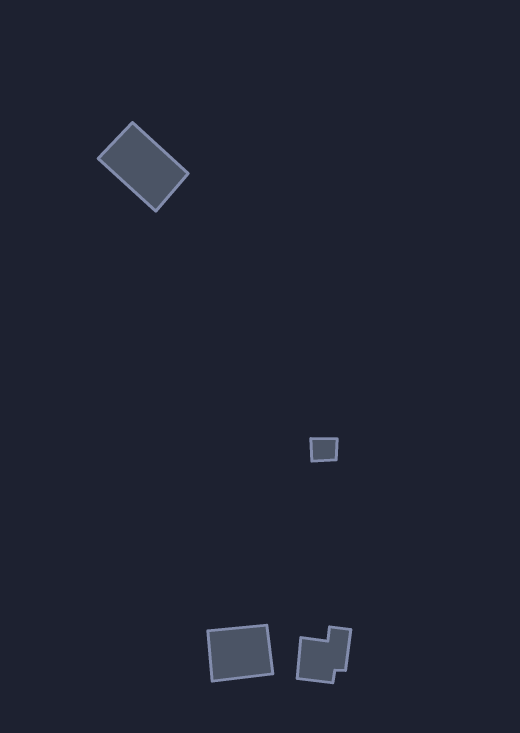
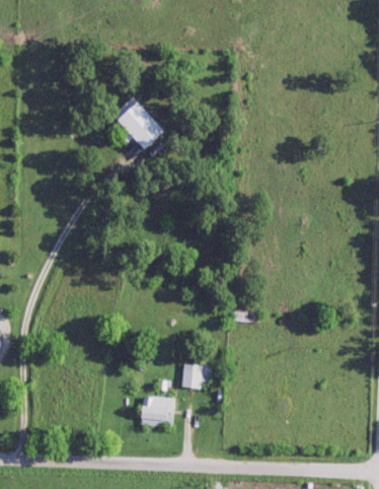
building: [297,627,351,683] -> [180,357,215,390]

